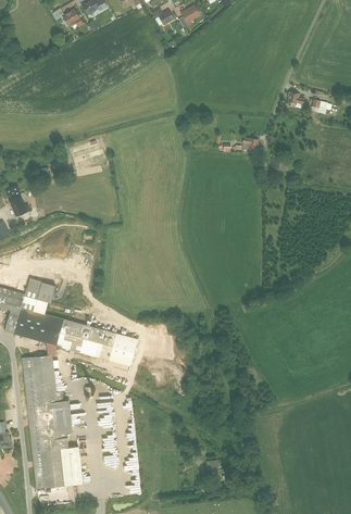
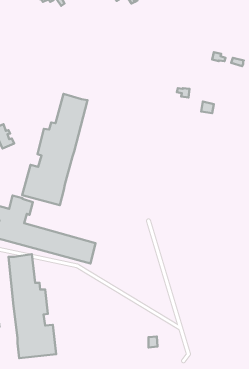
building: none -> [22,94,87,205]

